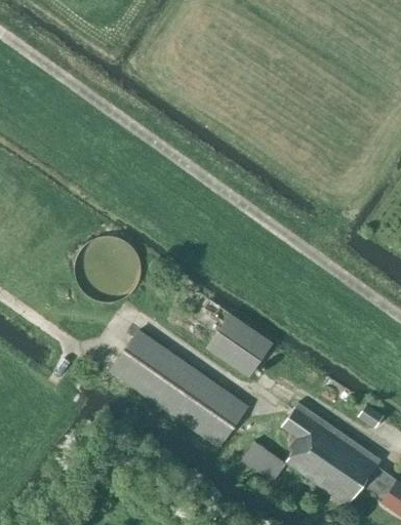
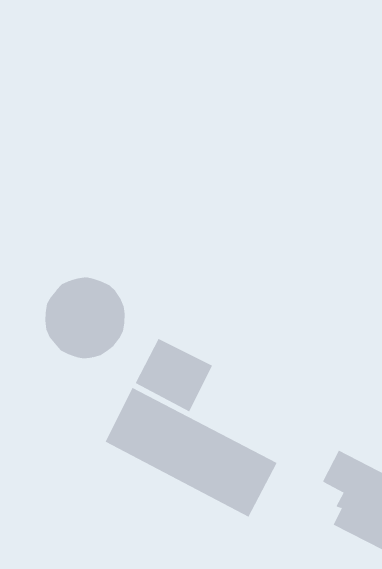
building: [207,314,272,376] -> [135,338,213,412]
building: [239,440,284,482] -> none

